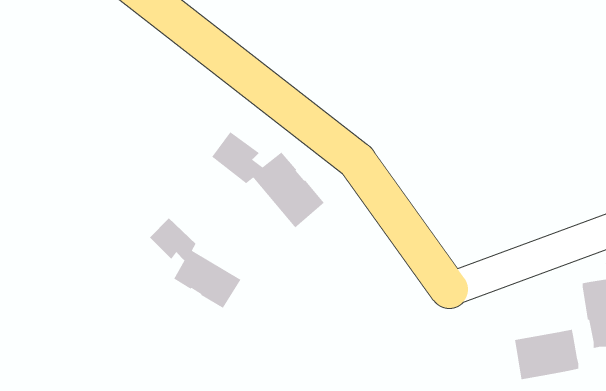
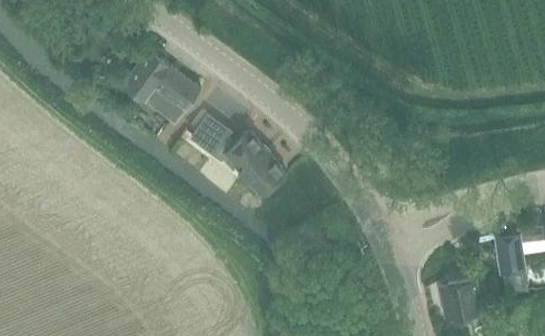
building: none -> [123,51,200,125]
building: [149,217,241,309] -> none

